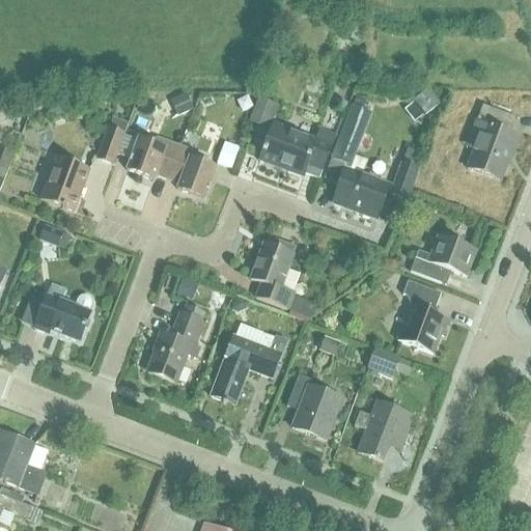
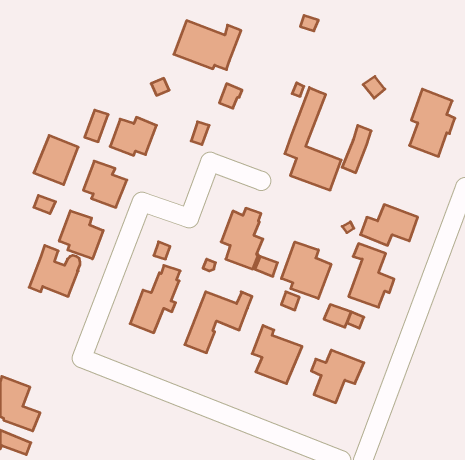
building: [257,120,334,176] -> [174,21,241,70]
building: [166,143,216,196] -> [83,161,127,207]
building: none -> [59,211,103,259]
building: none -> [281,242,331,299]

